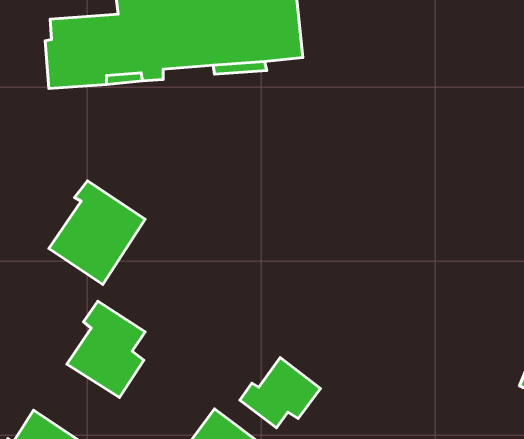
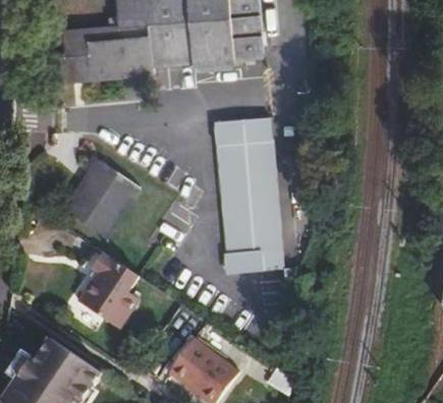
building: none -> [213,117,284,274]
building: [240,358,320,428] -> none

